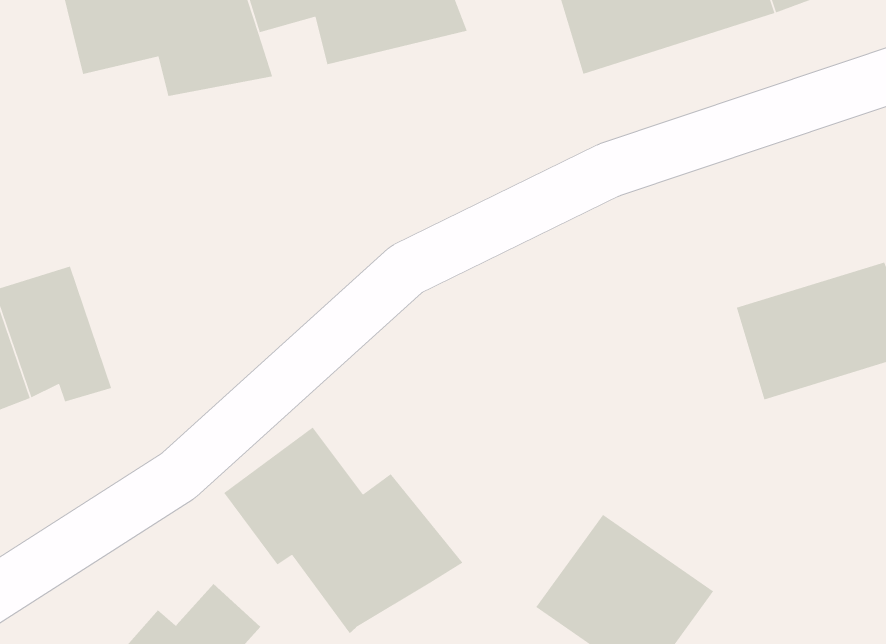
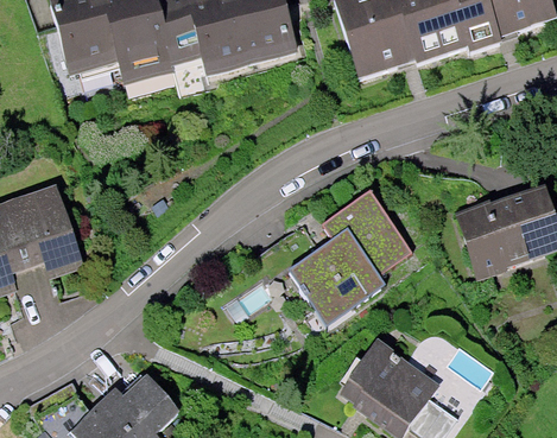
building: none -> [286,193,411,323]
building: [223,426,464,634] -> none

